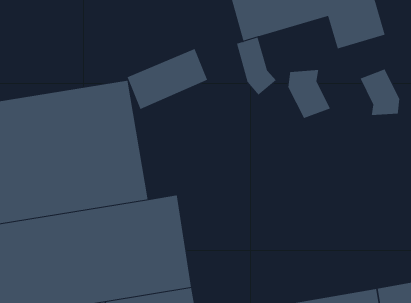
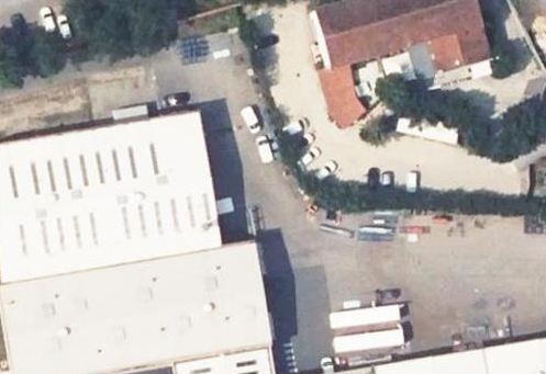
building: [127,48,208,110] -> none
building: [360,69,400,116] -> none
building: [288,69,331,119] -> none

